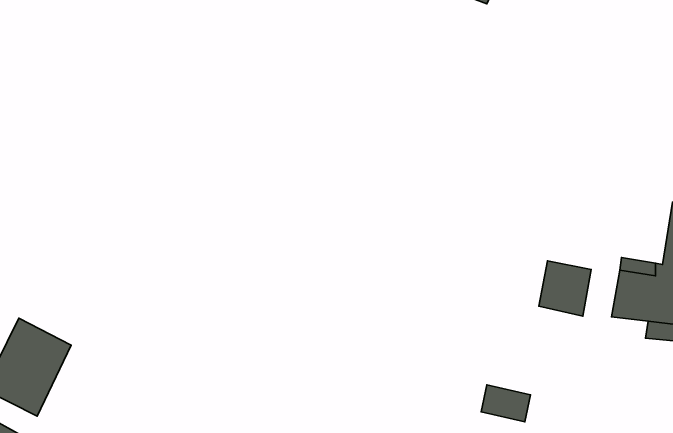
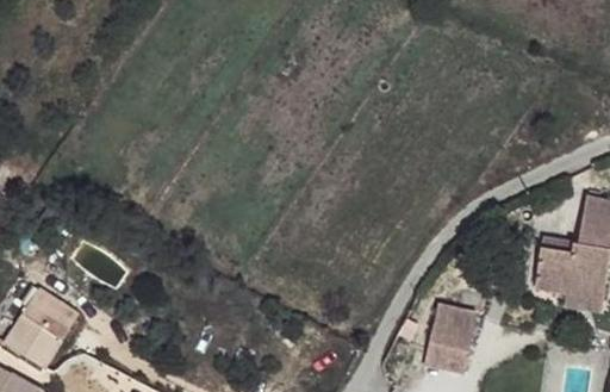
building: [539,261,591,316] -> [429,305,473,351]

